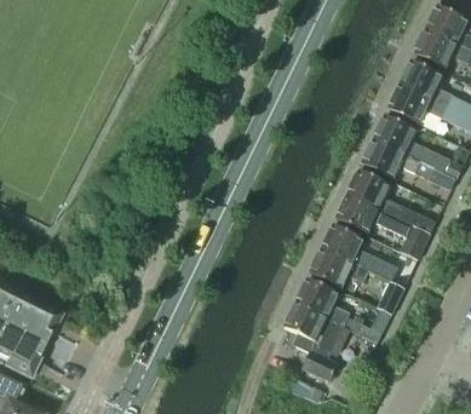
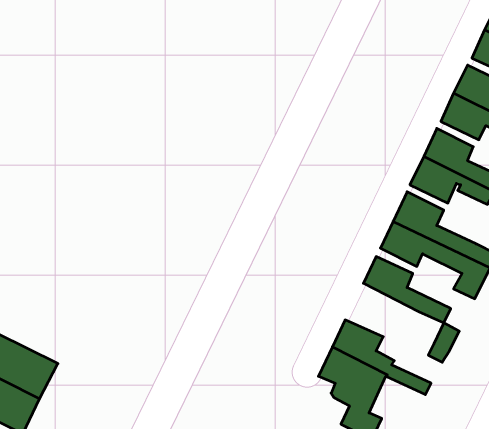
building: [308,246,368,288] -> none

